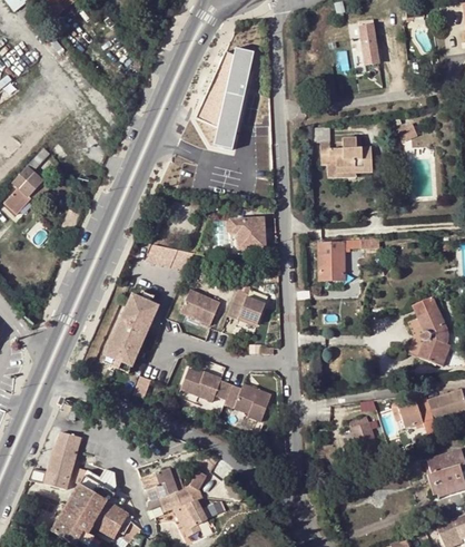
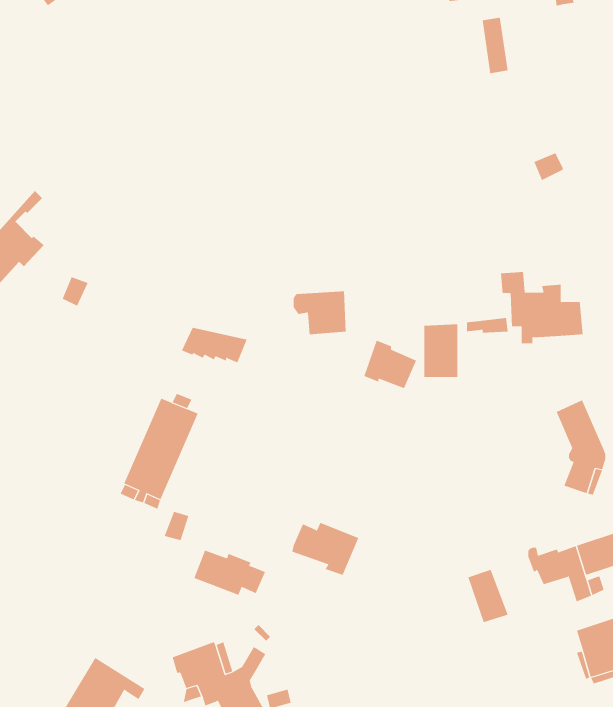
building: [197,47,254,148] -> none
building: [313,125,372,176] -> [500,272,584,344]
building: [180,289,220,325] -> none
building: [228,289,266,323] -> [364,340,417,389]
building: [181,368,232,400] -> [193,550,266,596]
building: [28,434,80,492] -> none

